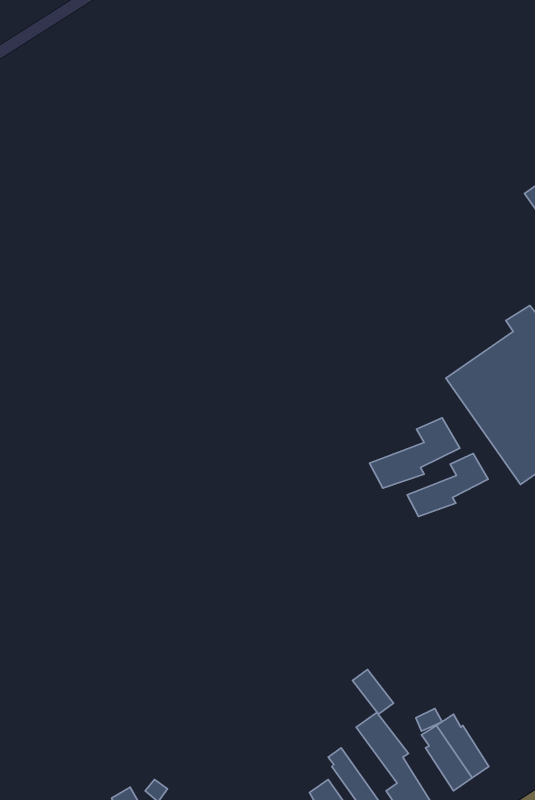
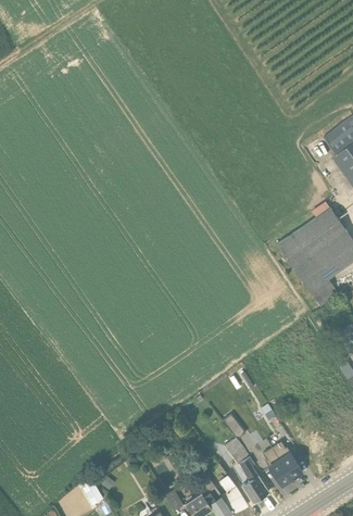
building: [370,418,460,488] -> none
building: [407,453,488,517] -> none

